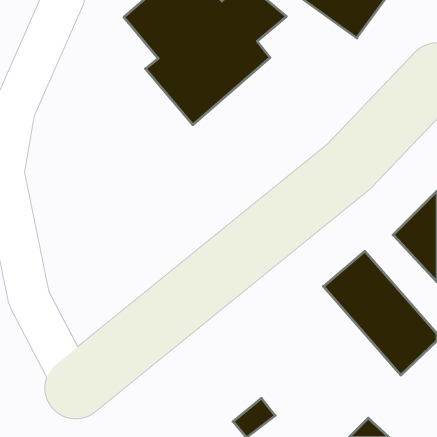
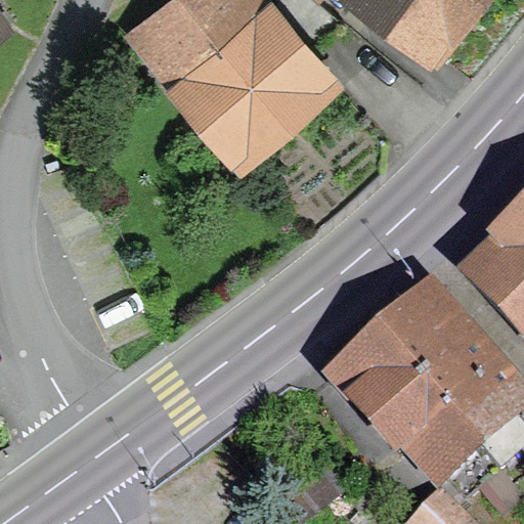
building: none -> [337,341,496,498]

